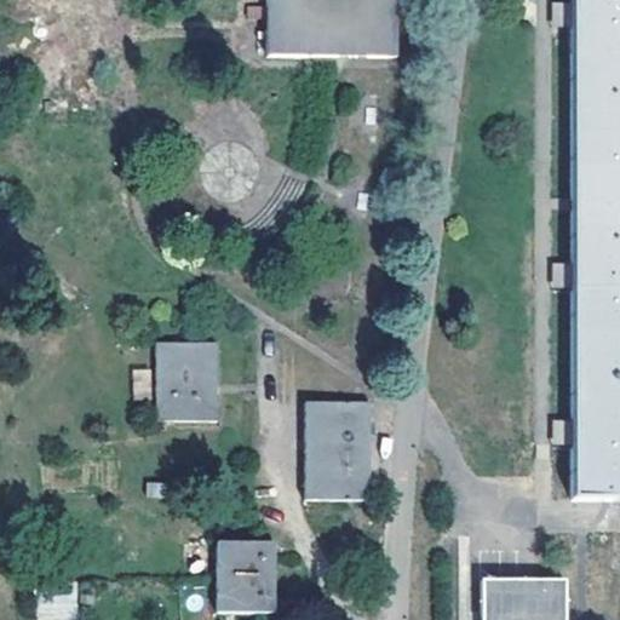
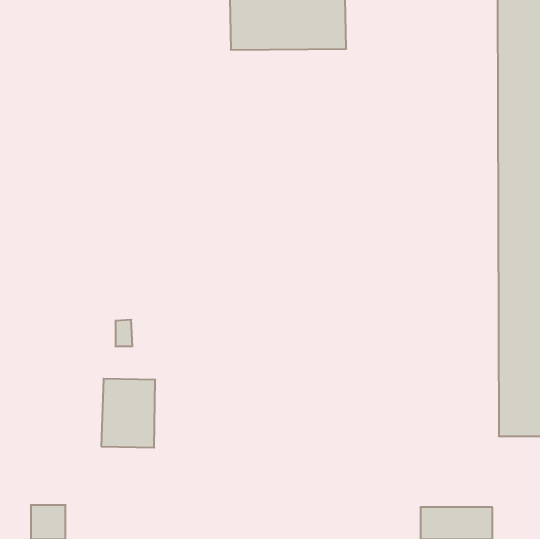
building: [159,340,220,419] -> [101,379,155,448]
building: [304,400,373,500] -> none
building: [217,541,275,610] -> none

